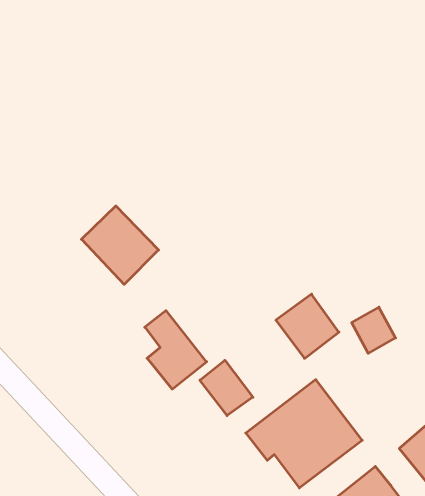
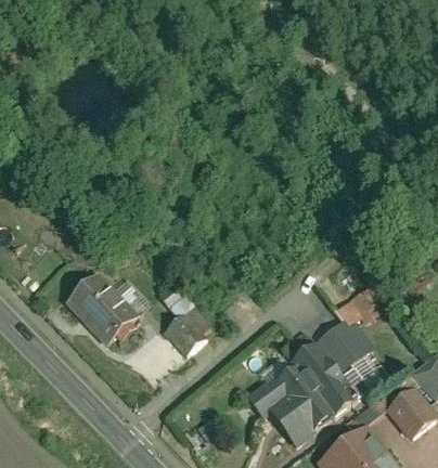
building: [81,206,159,284] -> [67,274,138,346]
building: [276,294,339,358] -> [312,320,370,378]
building: [200,360,253,416] -> none

